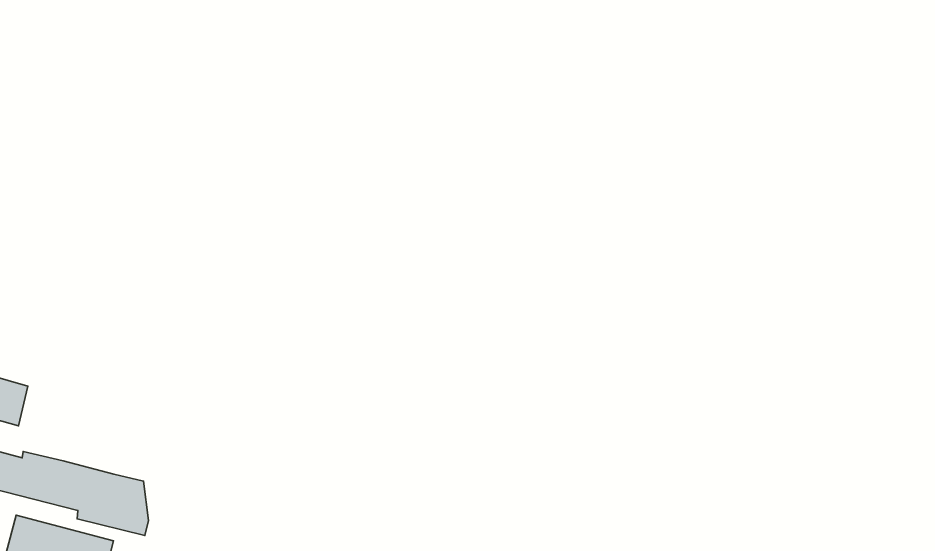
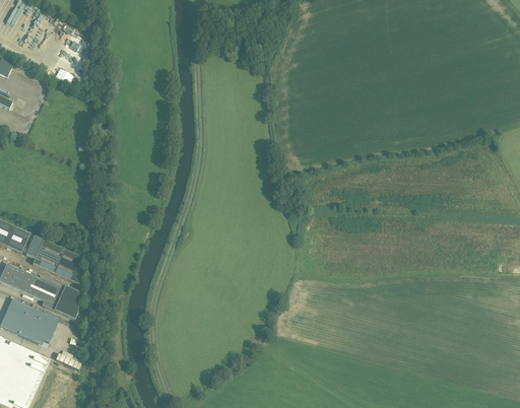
building: none -> [24,235,78,283]

